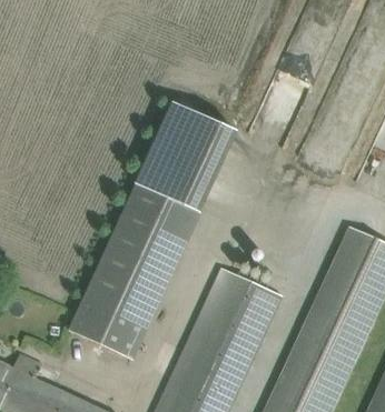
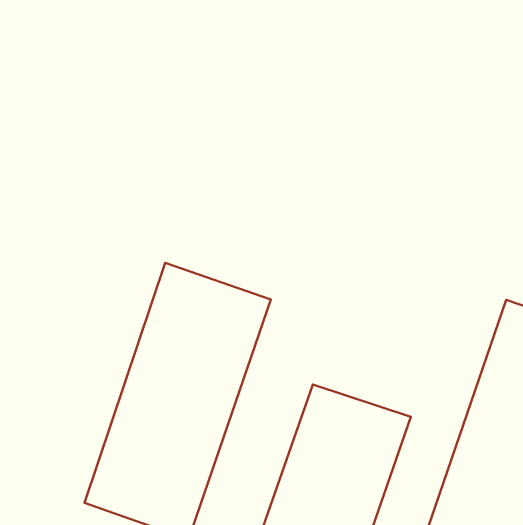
building: [136,101,237,211] -> none

